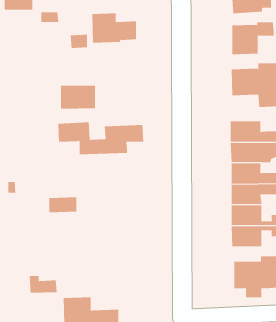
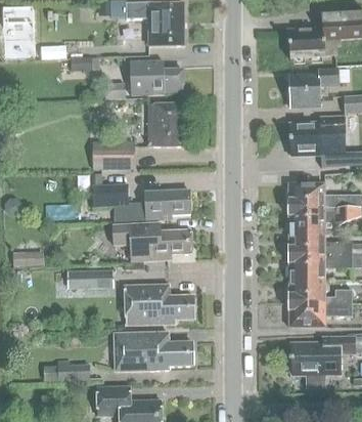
building: none -> [147,101,182,143]
building: none -> [111,221,190,257]
building: none -> [123,281,193,322]
building: none -> [114,331,192,370]

